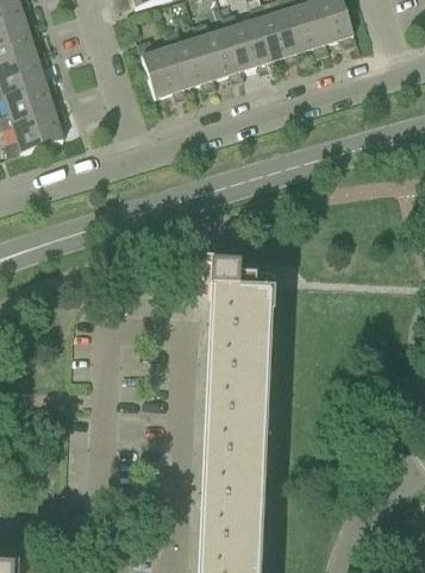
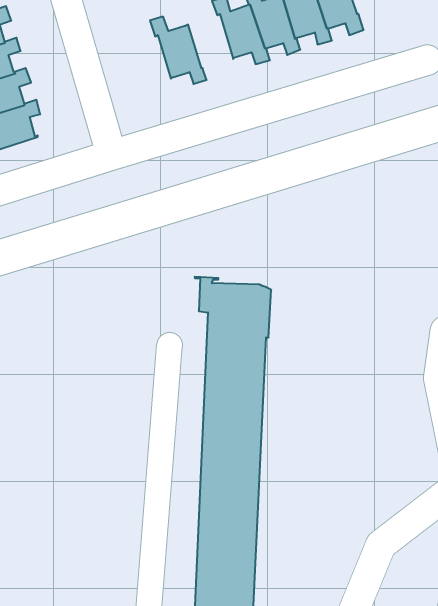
building: [192,21,243,82] -> none
building: [136,38,187,100] -> none

